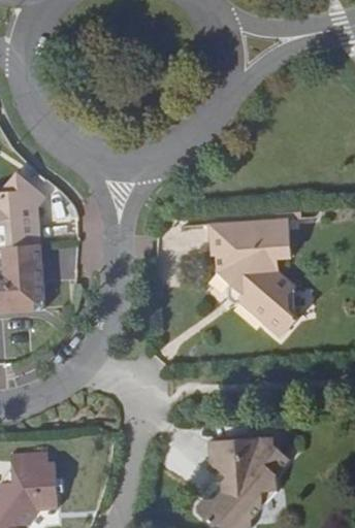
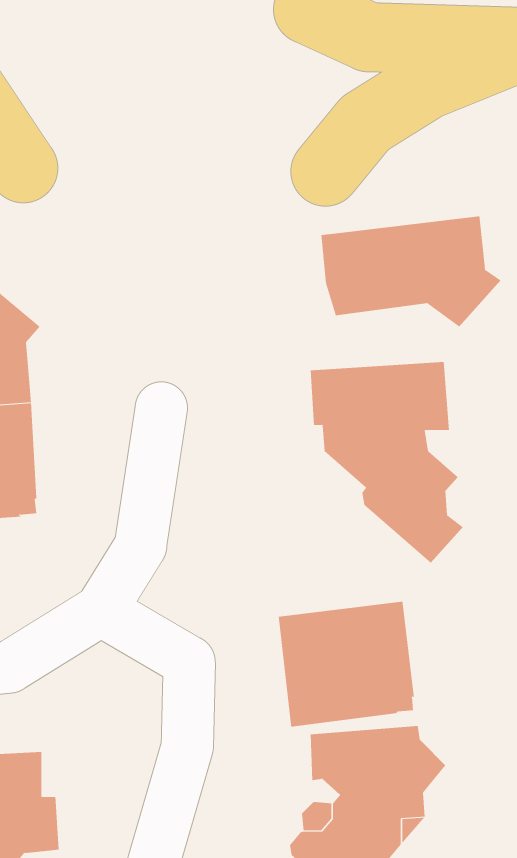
building: none -> [321,215,502,327]
building: none -> [278,601,415,728]

